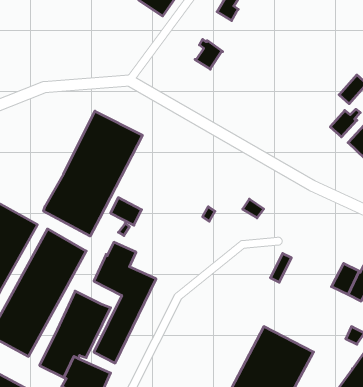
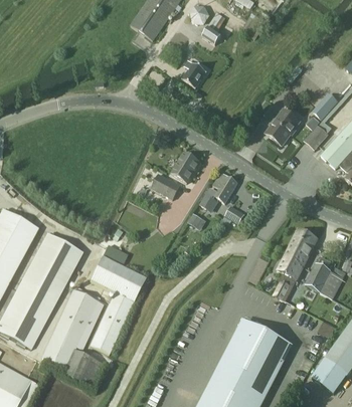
building: none -> [266,109,299,144]
building: [44,111,142,236] -> none
building: none -> [171,152,199,182]
building: none -> [200,172,236,208]
building: [111,198,142,225] -> [151,173,179,198]
building: none -> [277,228,317,300]

